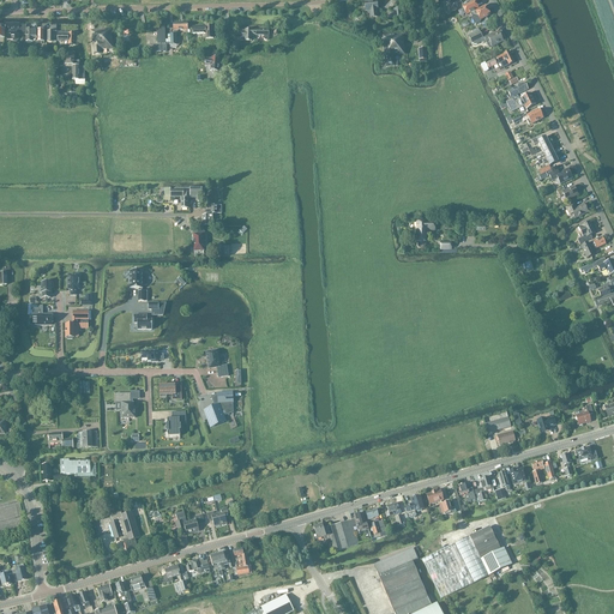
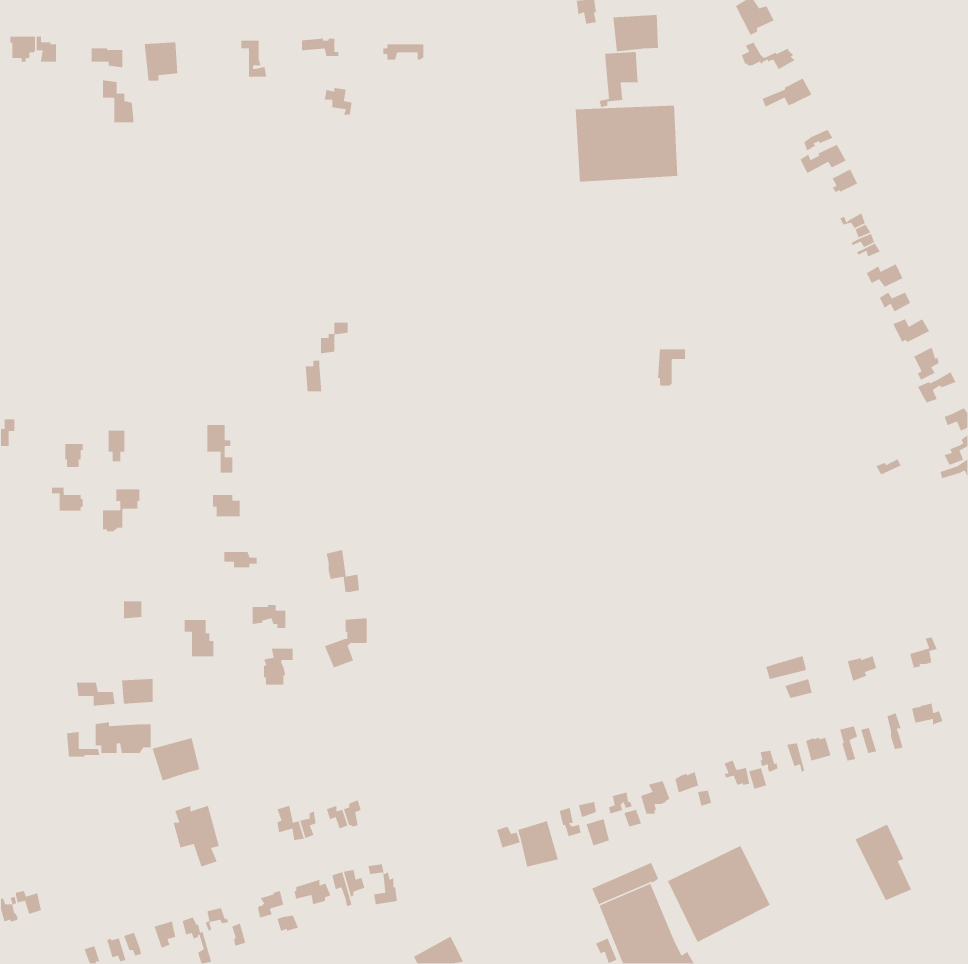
building: none -> [613,14,659,52]
building: none -> [575,105,678,182]
building: none -> [152,737,200,782]
building: [469,524,505,573] -> [855,824,912,901]

